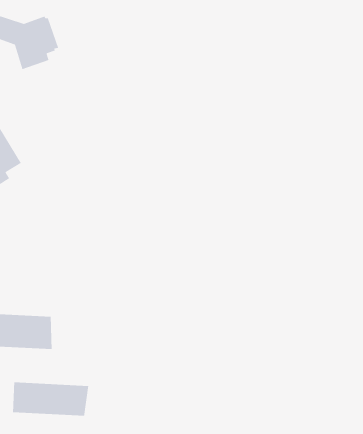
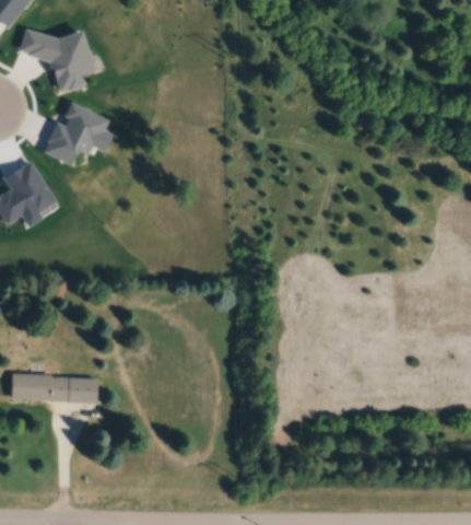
building: none -> [43,102,116,165]
building: [12,382,89,416] -> none

